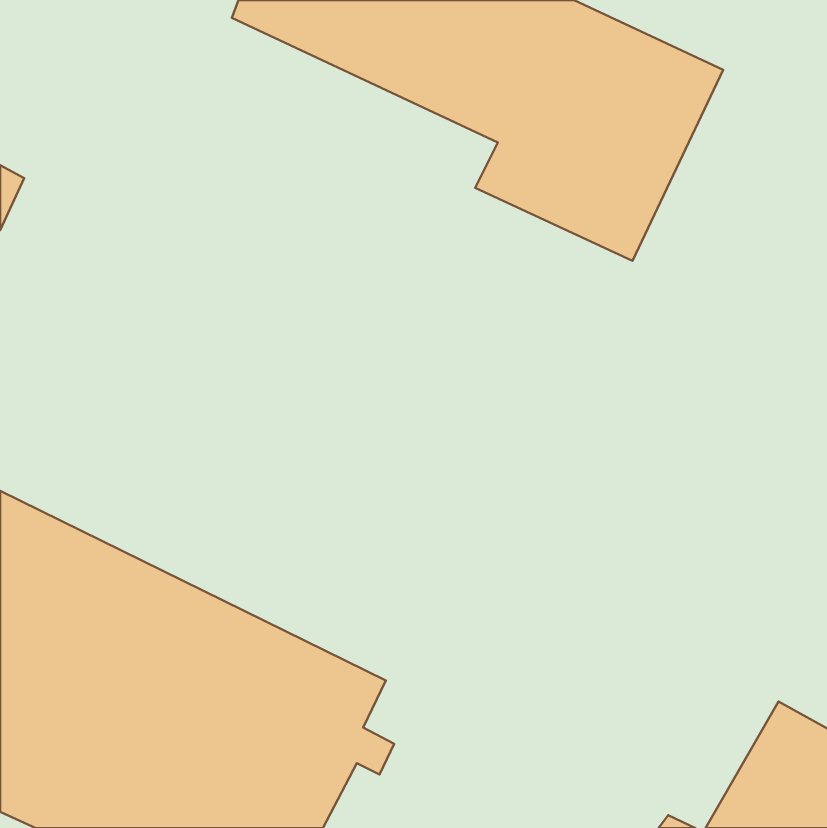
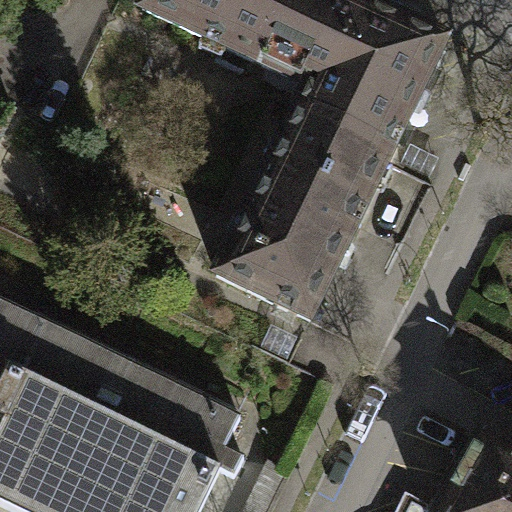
building: none -> [219,116,391,320]

